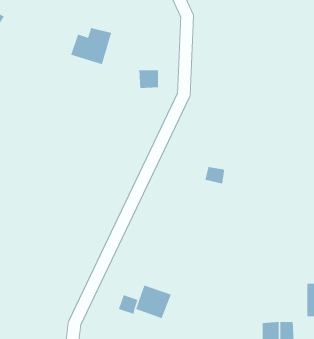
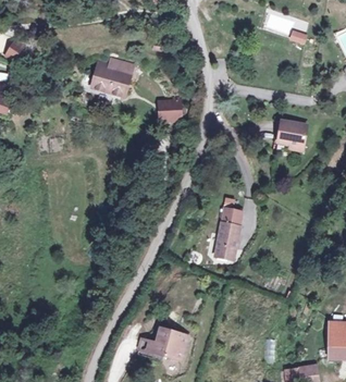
building: none -> [282,119,309,148]
building: none -> [217,219,242,256]

